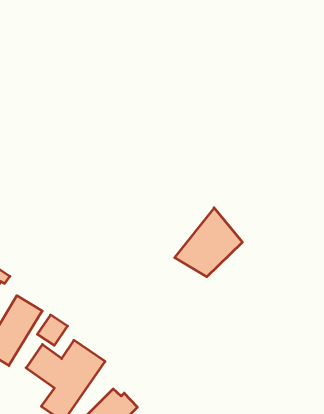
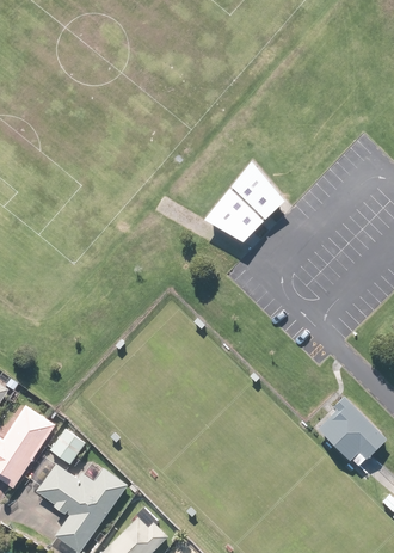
building: [175,208,242,277] -> [205,161,285,242]
building: none -> [316,399,383,465]

